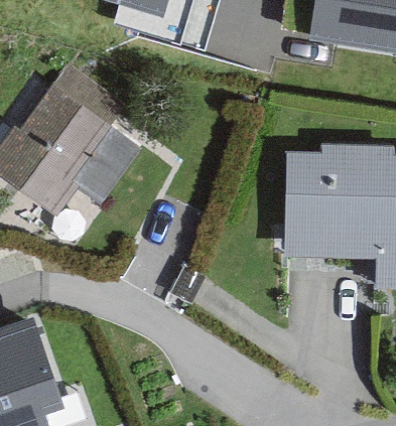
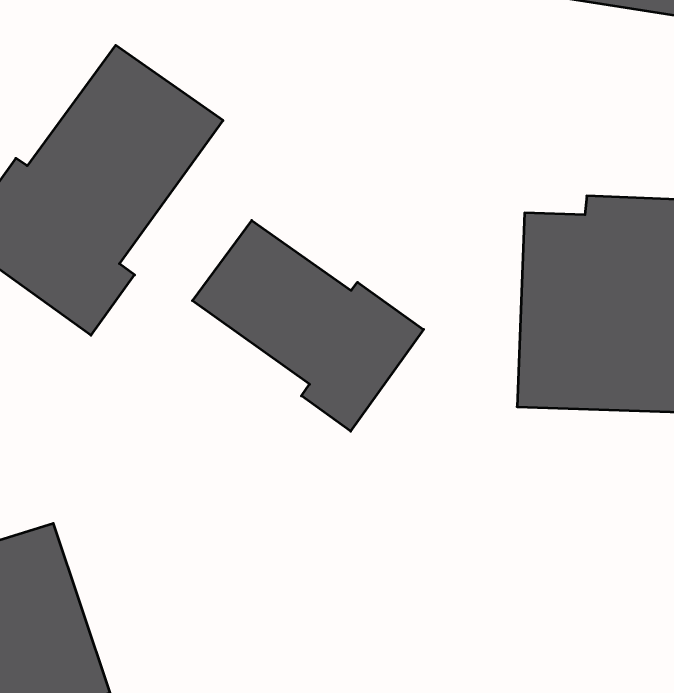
building: none -> [192,220,424,431]

